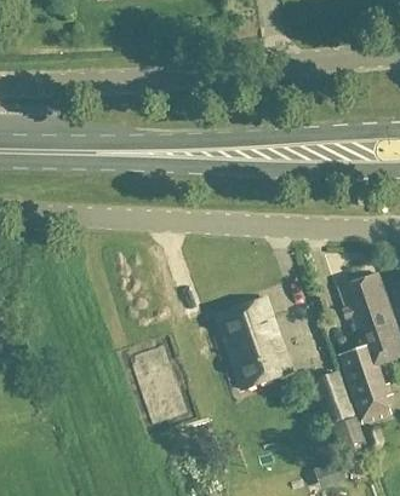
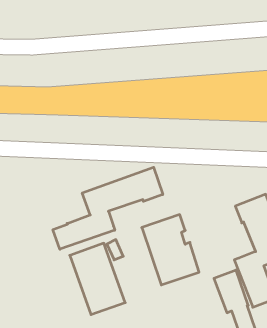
building: none -> [53,167,163,249]

